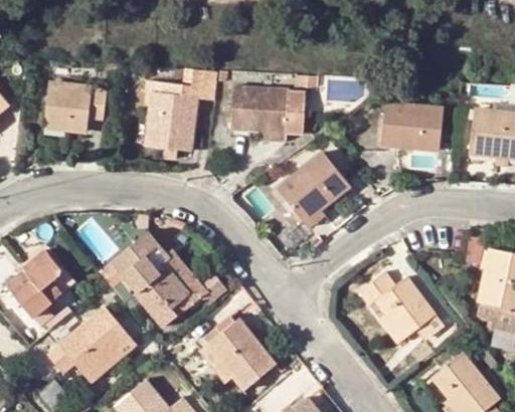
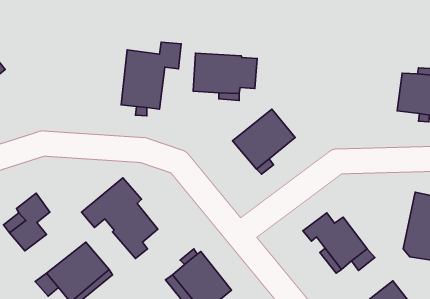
building: [44,83,106,132] -> none
building: [381,101,444,150] -> none
building: [165,252,206,315] -> none

